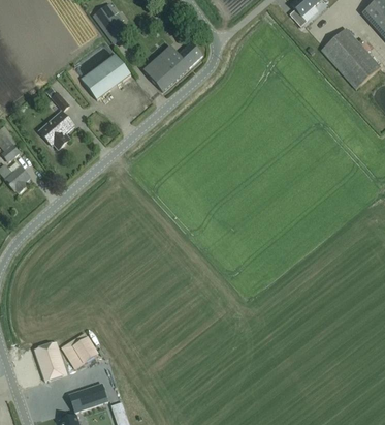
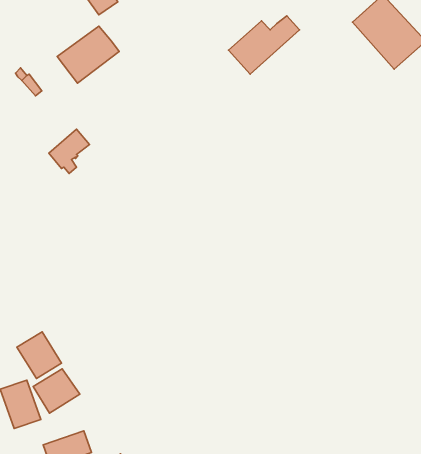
building: [143,42,201,90] -> [229,16,299,74]
building: [40,113,73,149] -> [49,129,89,174]
building: none -> [17,332,62,379]

